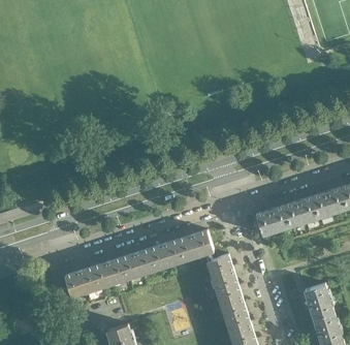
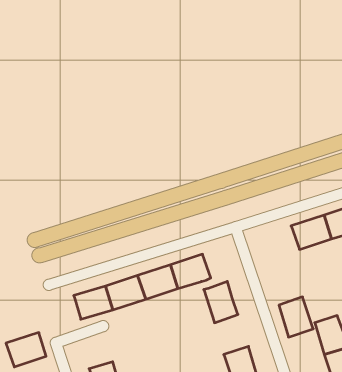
building: [255,206,290,236] -> none
building: [64,266,99,296] -> [6,333,46,367]
building: [216,283,246,318] -> [279,297,313,337]

